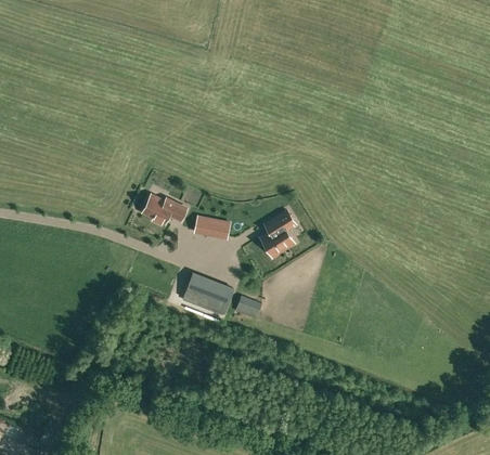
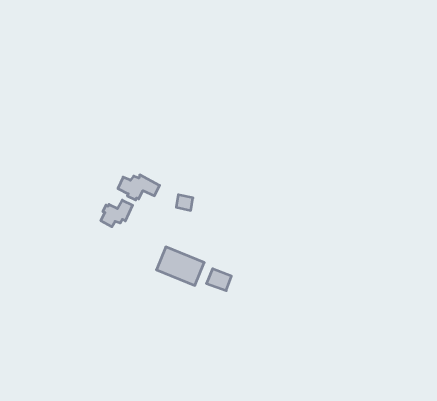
building: [259,210,295,257] -> none
building: none -> [101,200,133,227]

